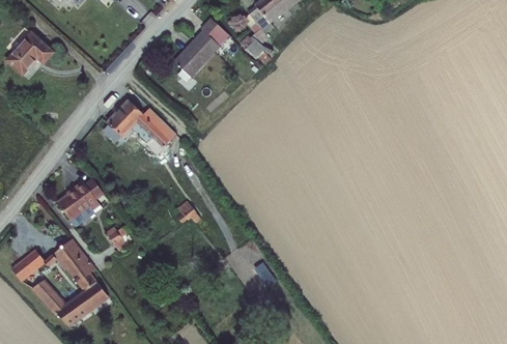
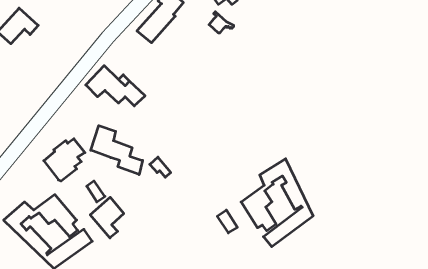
building: none -> [91,126,143,175]
building: none -> [241,159,313,247]
building: none -> [90,197,124,238]

